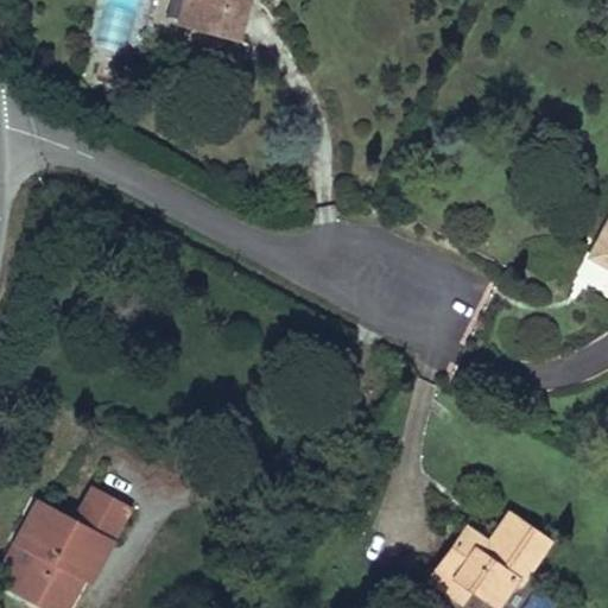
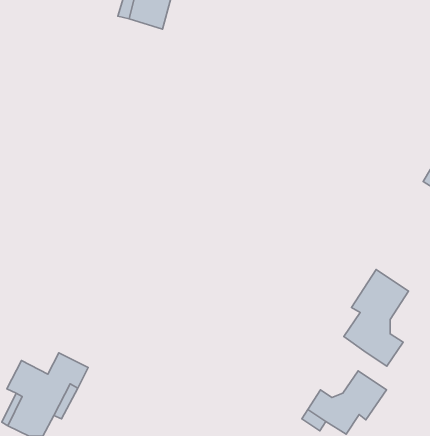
building: none -> [344,270,408,366]

